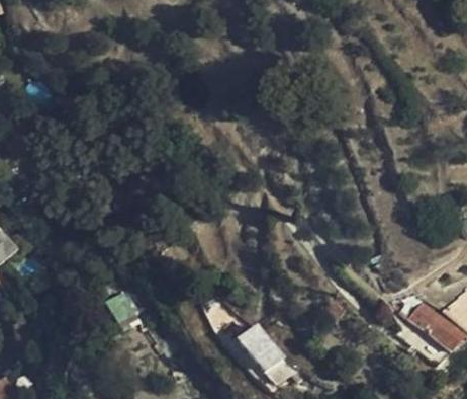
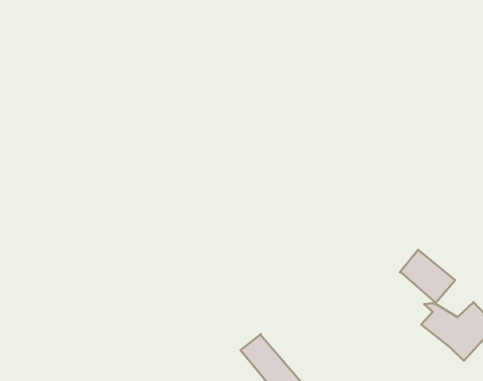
building: none -> [400,250,455,303]

